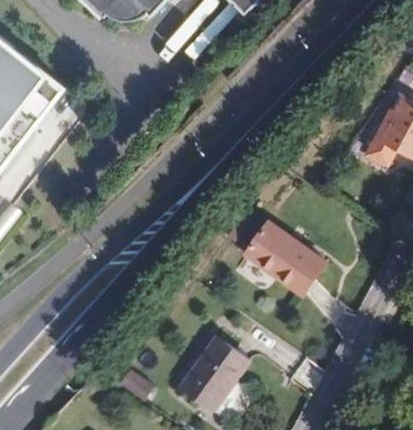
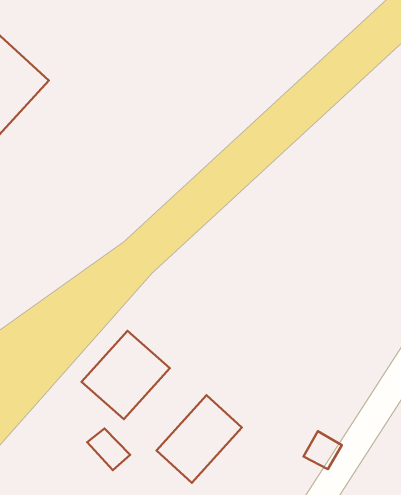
building: [242,222,321,296] -> none
building: none -> [82,331,170,419]

